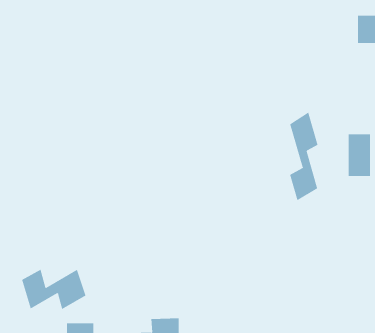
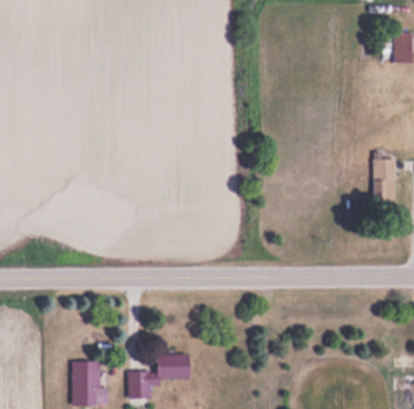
building: [290,111,318,201] -> none
building: [21,269,86,310] -> none

